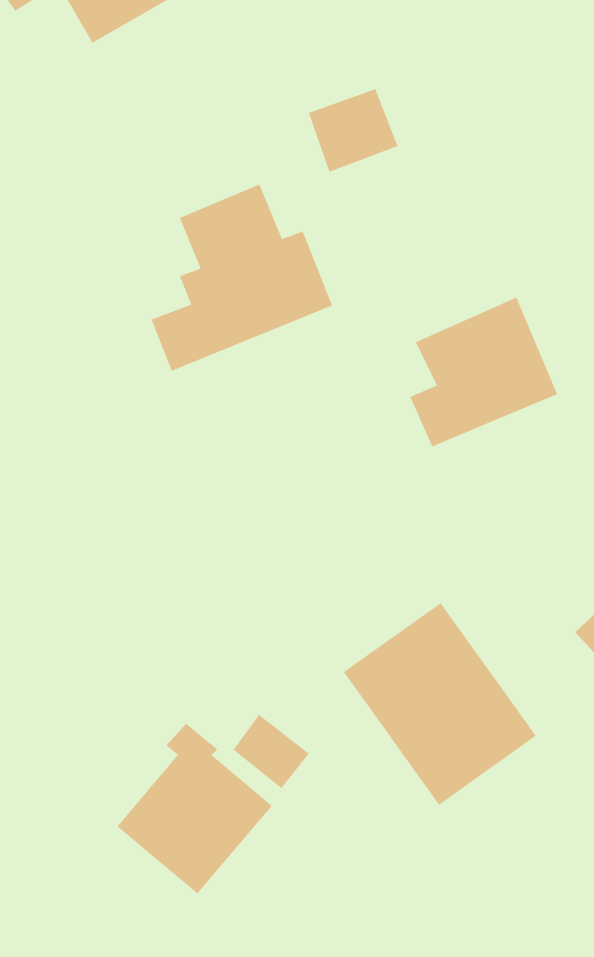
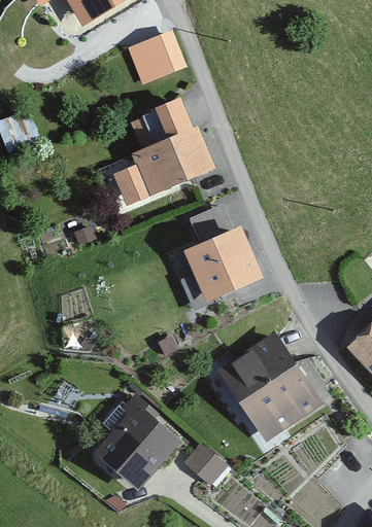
building: [308,88,398,173] -> [132,32,181,78]
building: [409,296,558,447] -> [180,225,262,308]
building: [233,714,310,789] -> [183,442,226,483]

